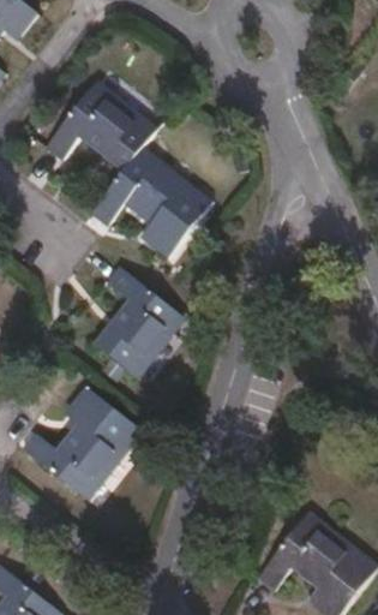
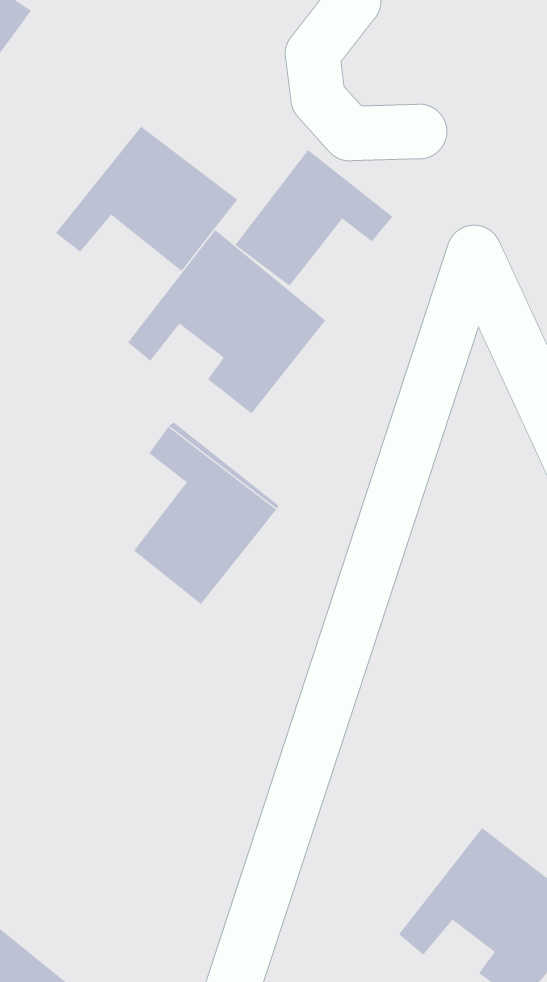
building: none -> [234,149,393,286]
building: [20,387,143,500] -> none

